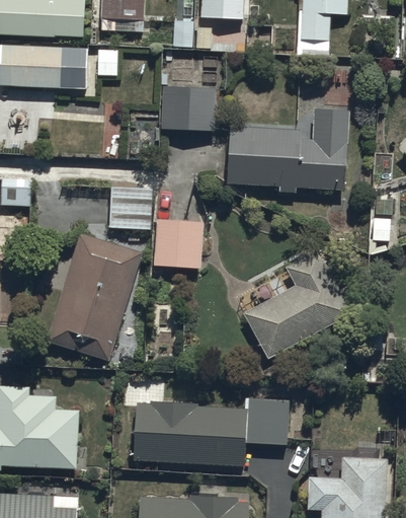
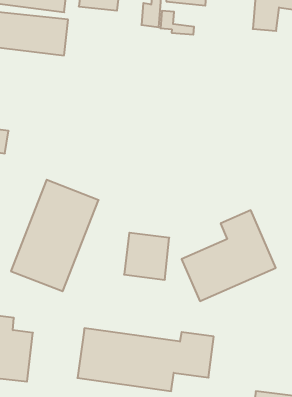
building: [161,73,217,130] -> none
building: [226,106,346,192] -> none
building: [110,182,151,229] -> none
building: [154,217,202,268] -> [124,233,169,280]

